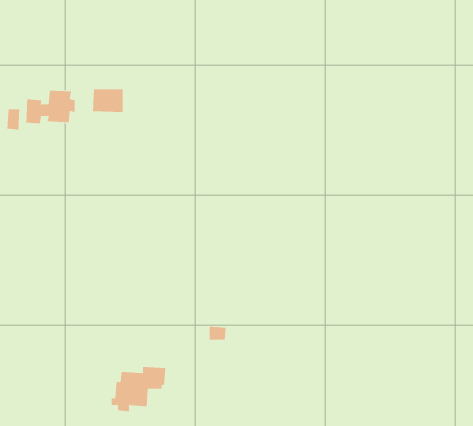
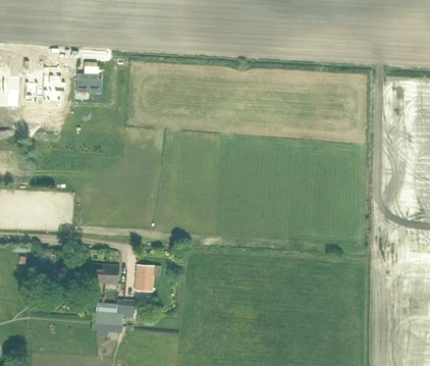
building: none -> [83,263,119,283]
building: none -> [136,265,160,291]

